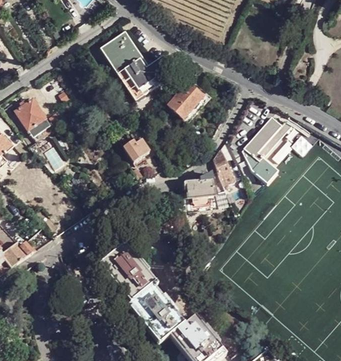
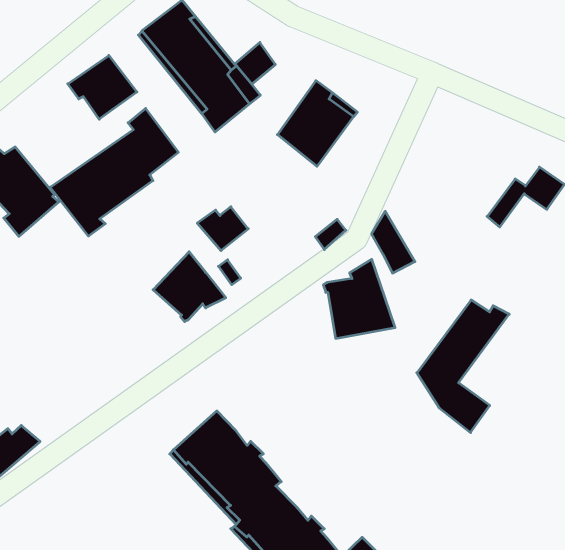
building: none -> [68,55,137,119]
building: none -> [50,108,178,236]
building: [242,116,292,184] -> [417,300,509,433]
building: none -> [153,252,226,322]

